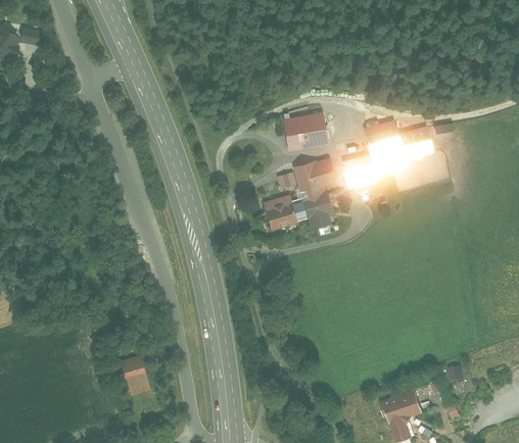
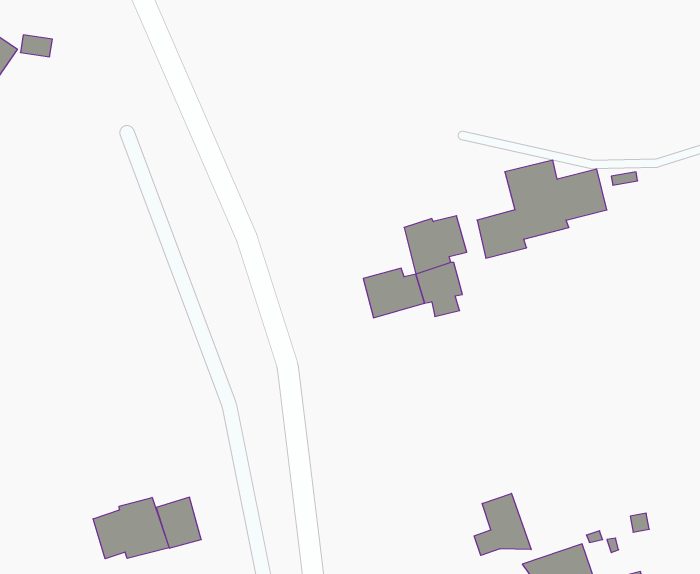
building: [283,110,327,149] -> none
building: none -> [474,493,531,555]
building: none -> [93,497,169,559]

